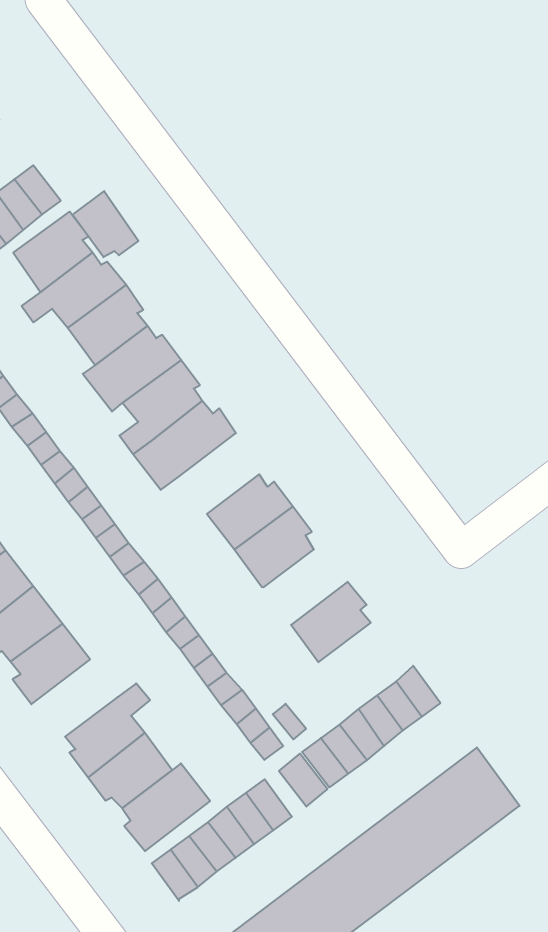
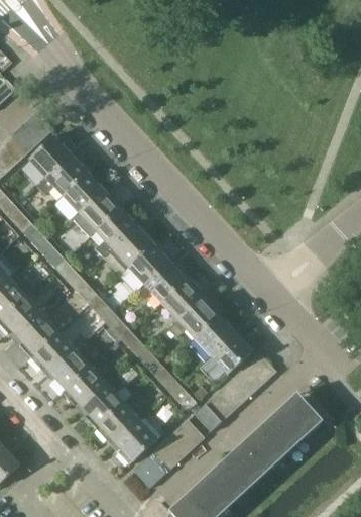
building: [73,191,138,257] -> none
building: none -> [119,241,169,292]
building: none -> [167,298,221,338]
building: none -> [210,333,254,374]
building: none -> [63,367,107,408]

